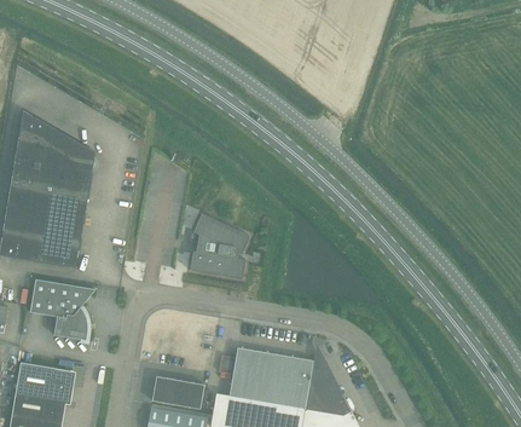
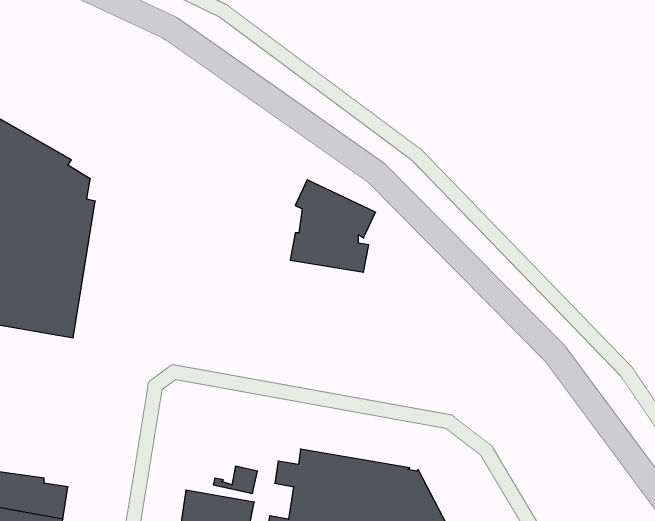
building: [190,214,250,279] -> [290,180,376,272]
building: [30,279,95,342] -> none

